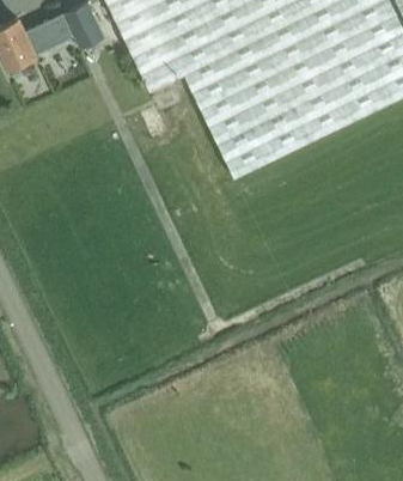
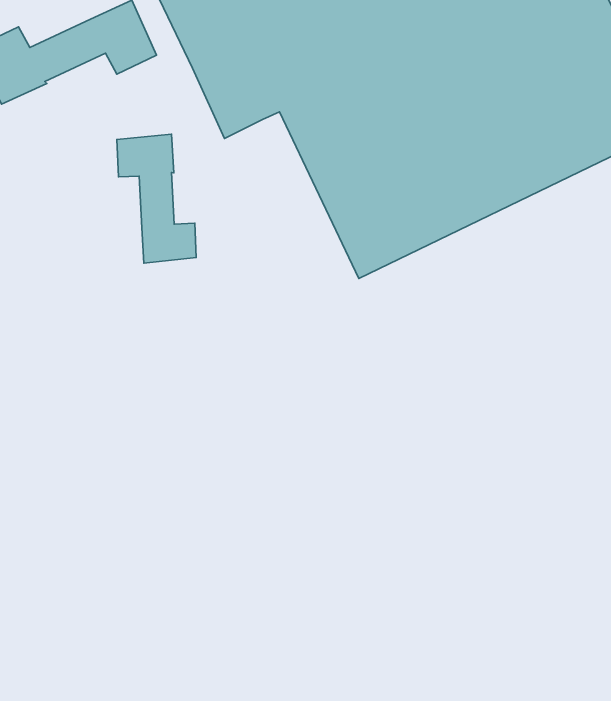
building: none -> [117,134,196,263]

